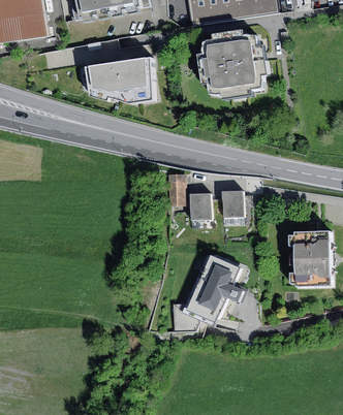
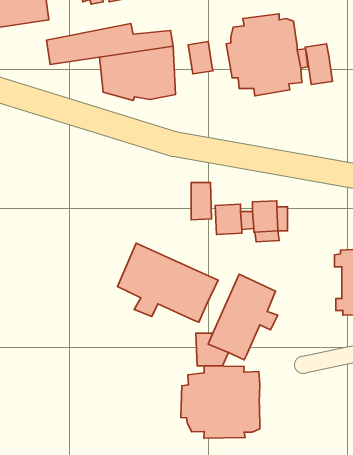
building: none -> [188,42,213,74]
building: none -> [305,44,333,84]
building: none -> [118,243,218,322]
building: none -> [181,366,260,438]

